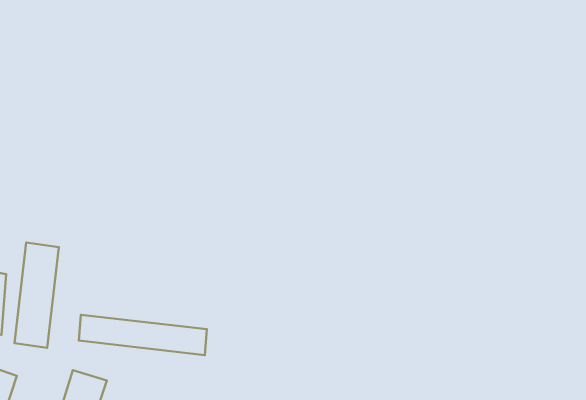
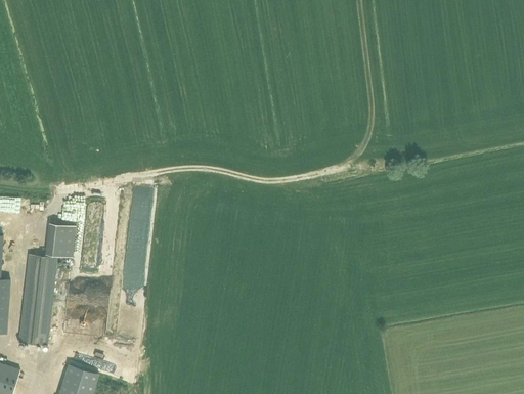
building: none -> [47,223,76,258]
building: [79,315,207,355] -> none

